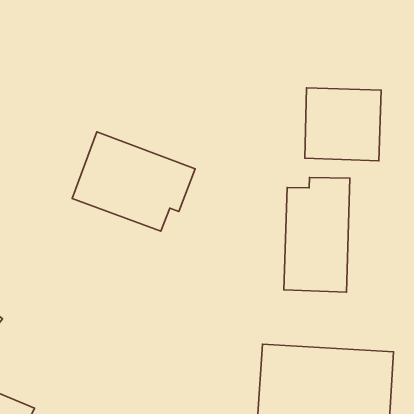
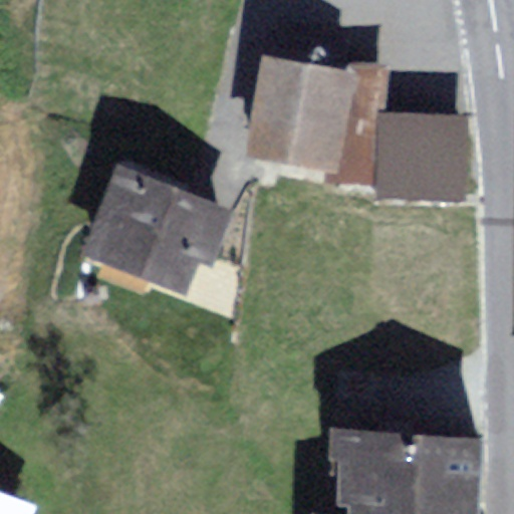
building: none -> [239,52,353,171]
building: [284,177,350,292] -> none

